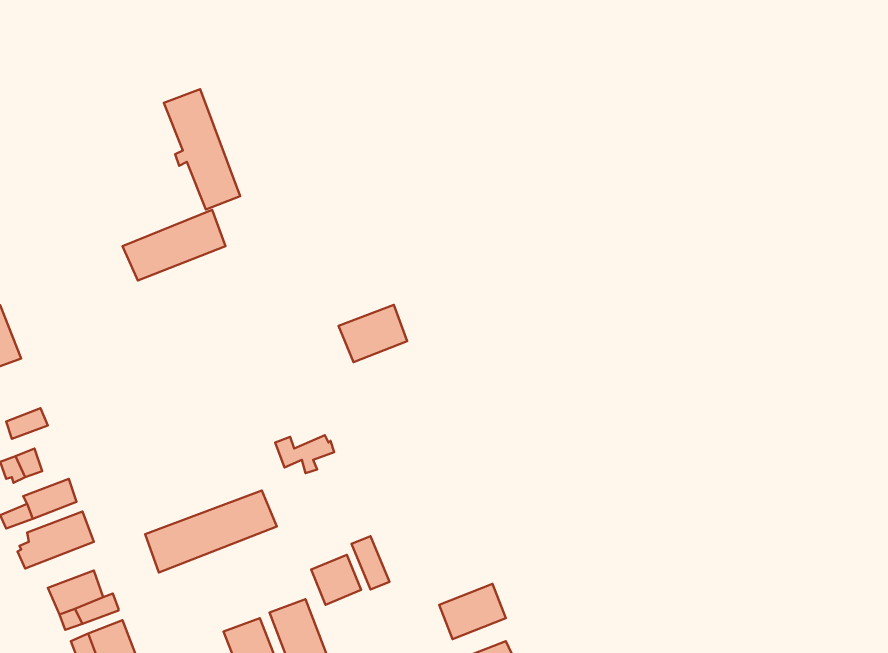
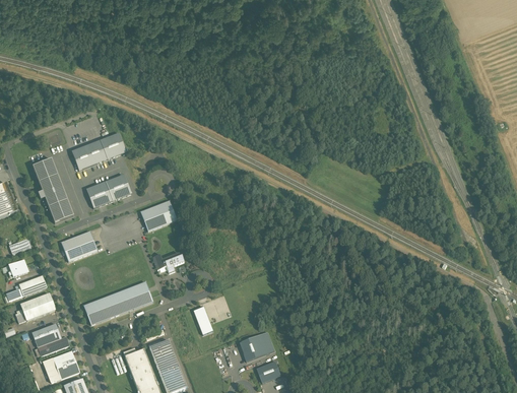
building: [164,89,240,210] -> [33,158,73,222]
building: none -> [86,174,132,207]
building: [338,305,407,362] -> [140,200,177,231]
building: none -> [61,231,98,261]
building: [311,555,361,605] -> none

